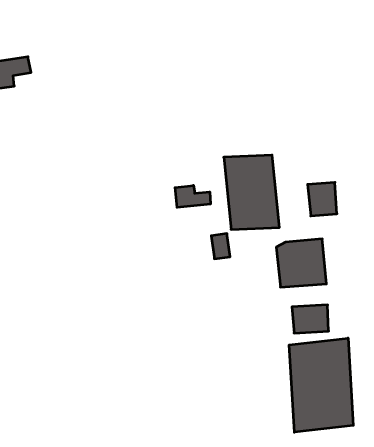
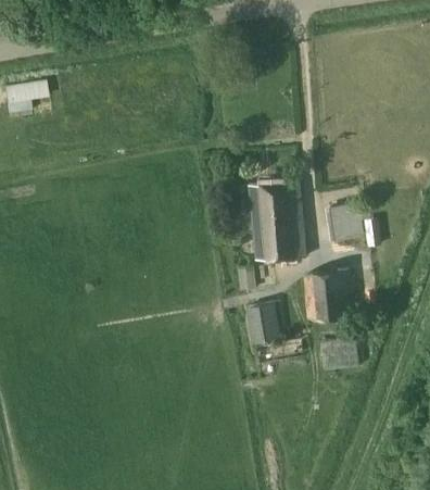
building: [175,185,210,207] -> none
building: none -> [244,302,280,343]
building: [289,338,353,432] -> none

